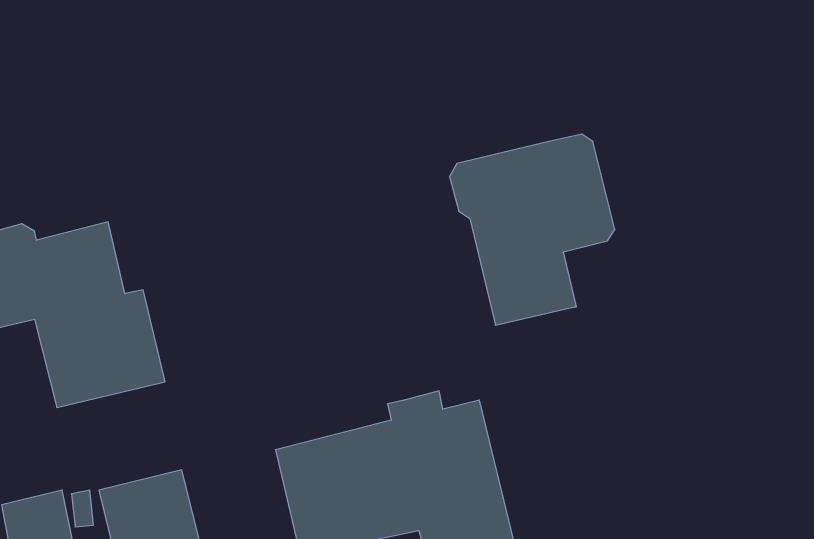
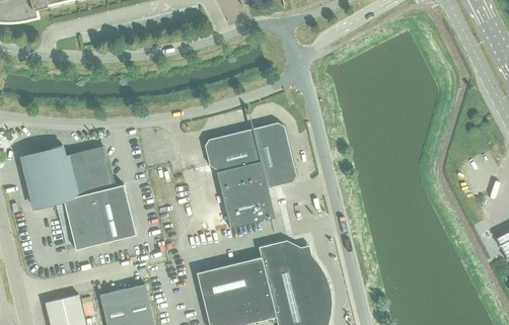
building: [450,134,615,325] -> [204,123,295,228]

